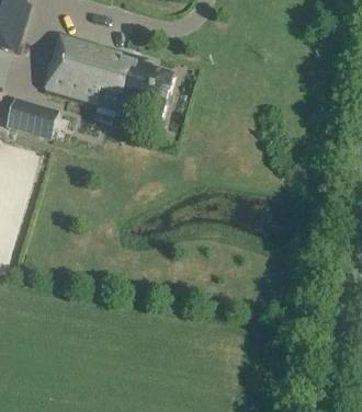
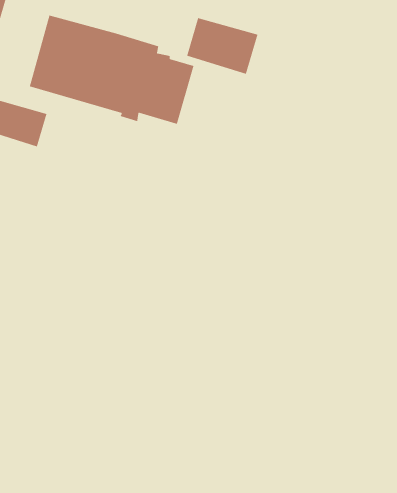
building: none -> [186,17,259,75]

